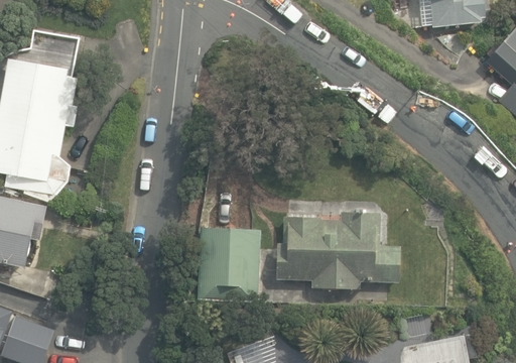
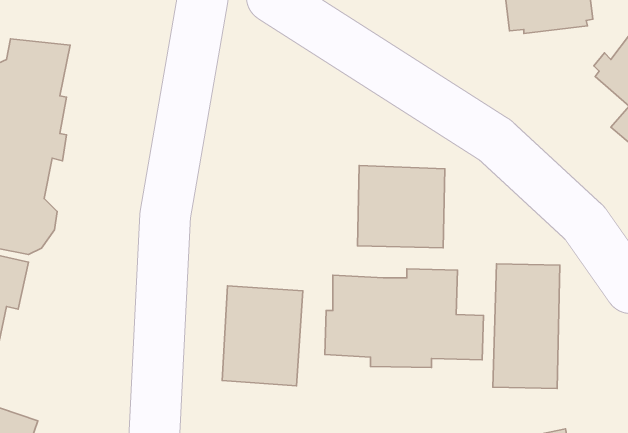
building: none -> [357,165,445,248]
building: none -> [493,264,560,389]

